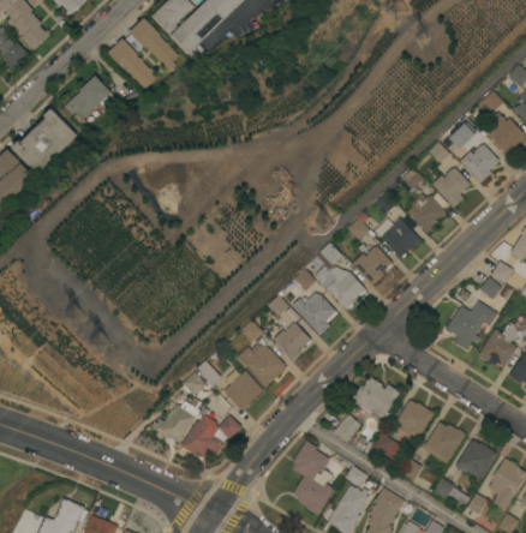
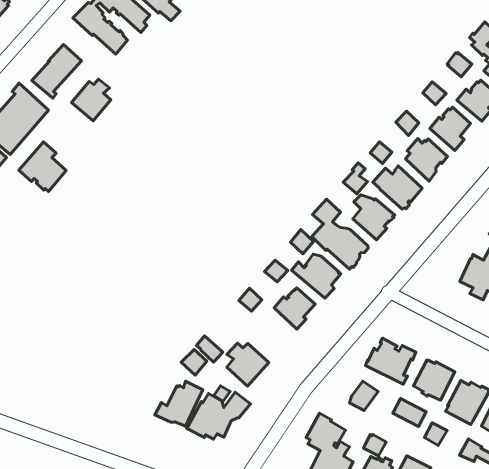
building: none -> [71,79,111,121]
building: none -> [19,142,66,191]
building: [235,342,285,385] -> none

